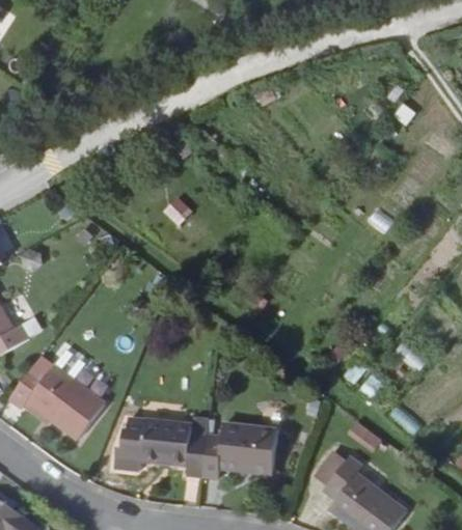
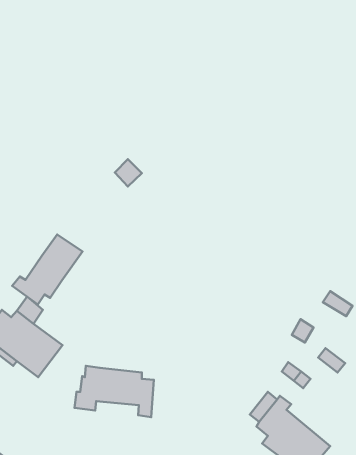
building: none -> [12,234,83,304]
building: [202,425,275,481] -> none

